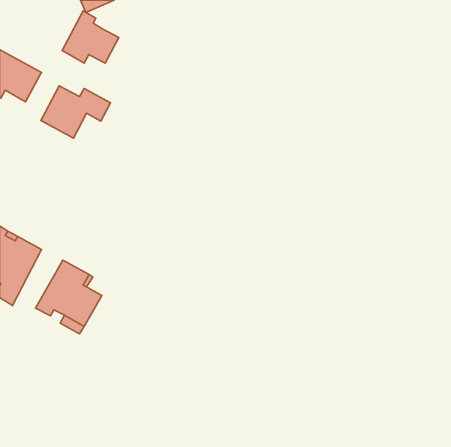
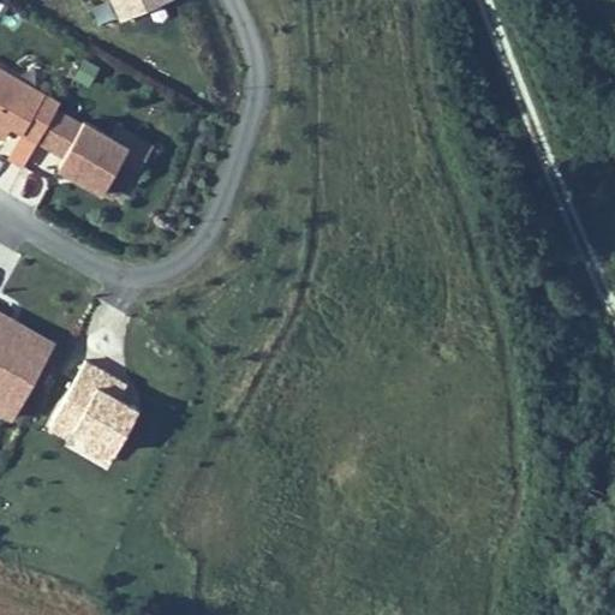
building: [62,11,119,63] -> none
building: none -> [35,109,80,160]

